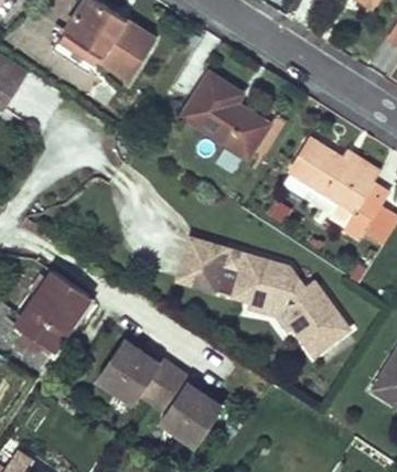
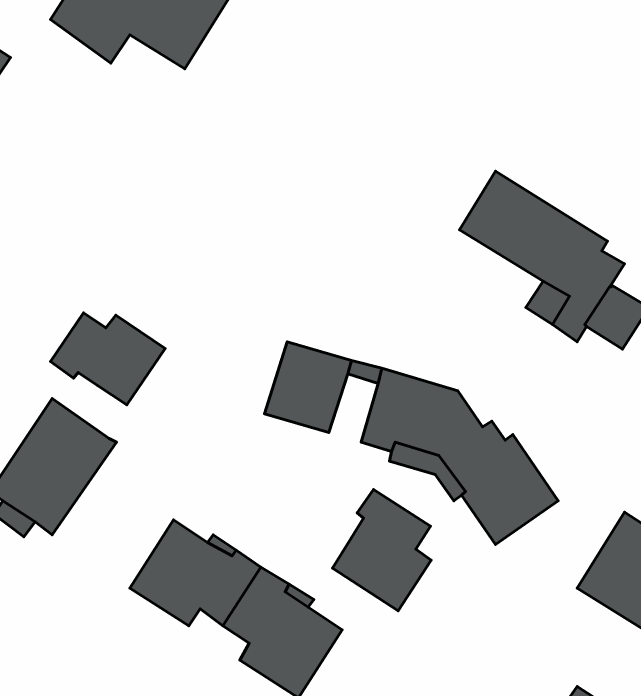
building: [183,74,268,157] -> none
building: none -> [50,313,165,405]
building: none -> [332,489,431,611]

